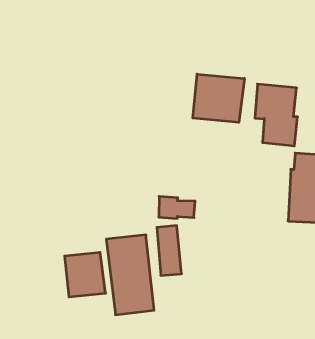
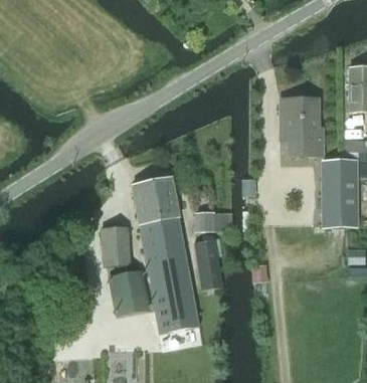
building: [193,74,244,122] -> none
building: none -> [134,177,185,256]
building: none -> [103,226,131,265]

